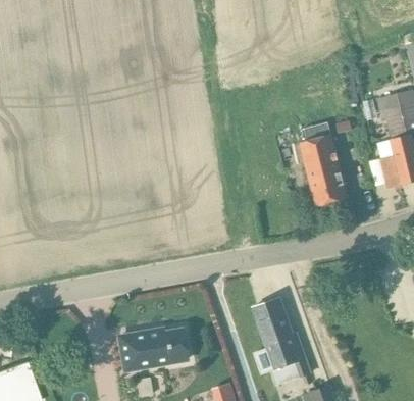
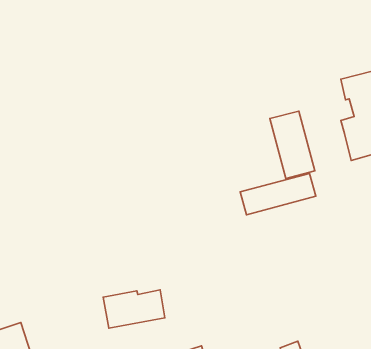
building: none -> [240,173,316,215]
building: [253,298,308,386] -> none

